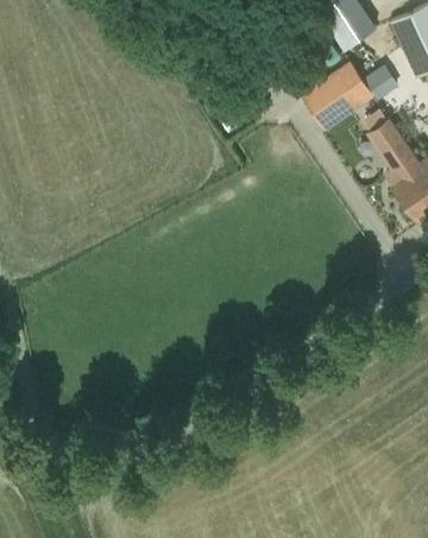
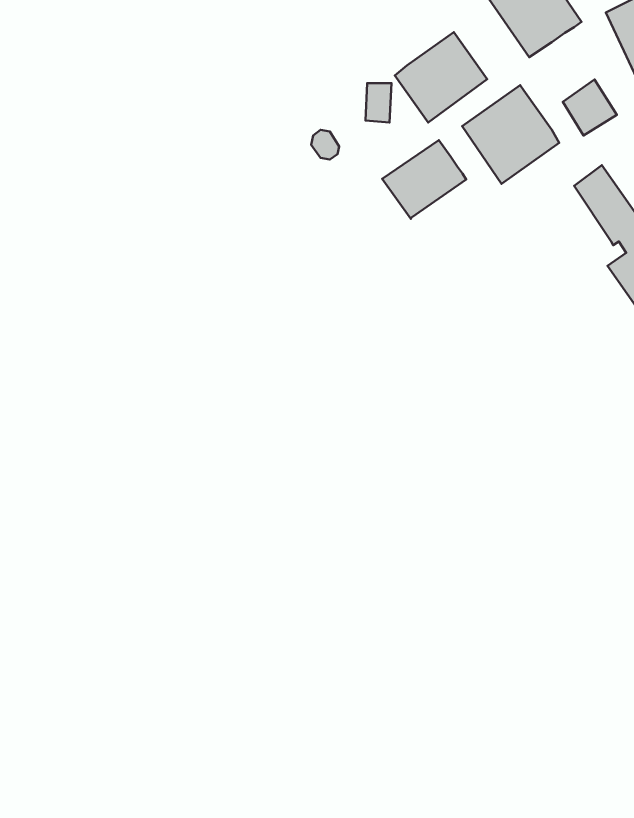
building: none -> [395,32,487,123]
building: none -> [382,140,466,219]

